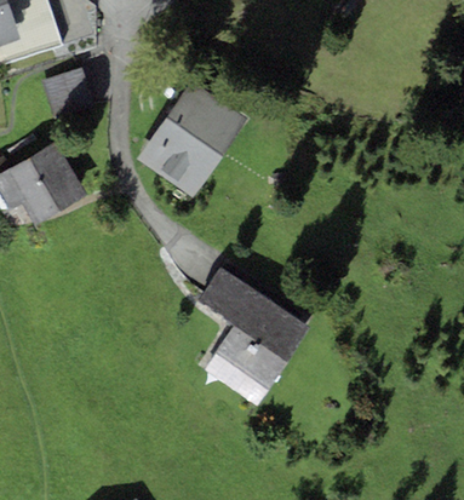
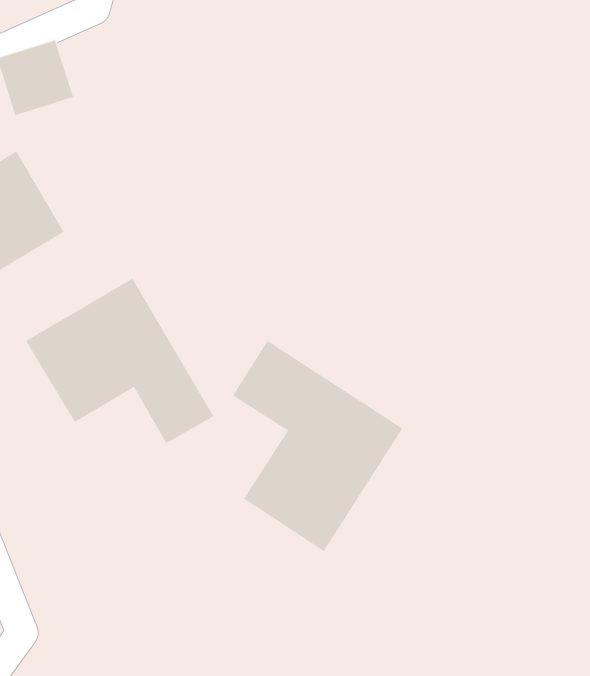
building: [137,80,247,197] -> none
building: none -> [25,278,214,444]

